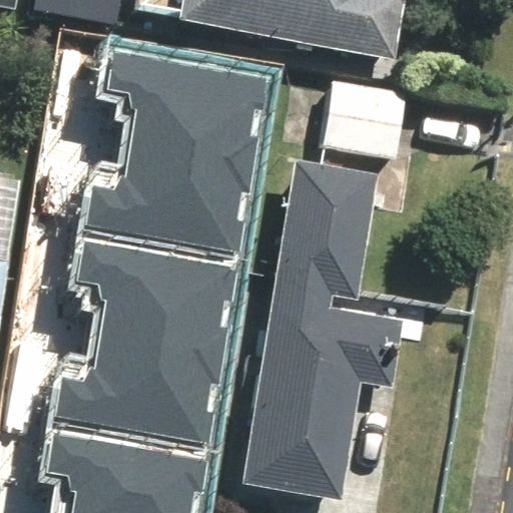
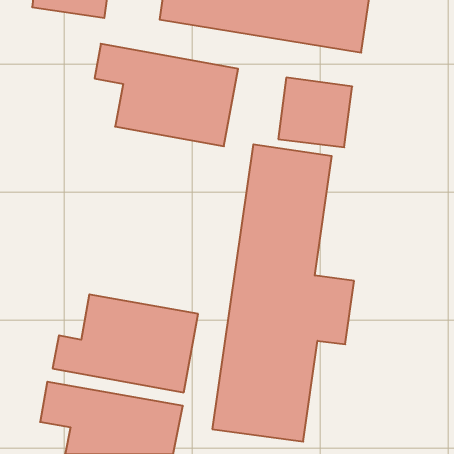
building: [90,142,253,253] -> none
building: [79,237,240,353] -> none

